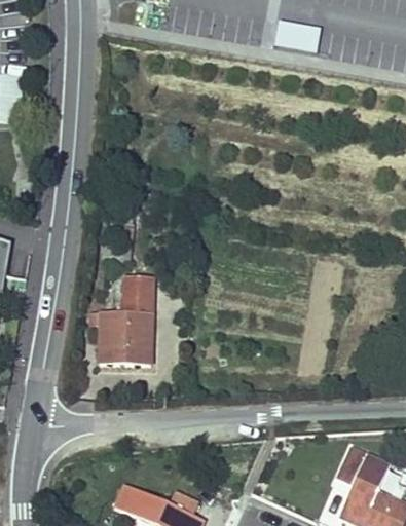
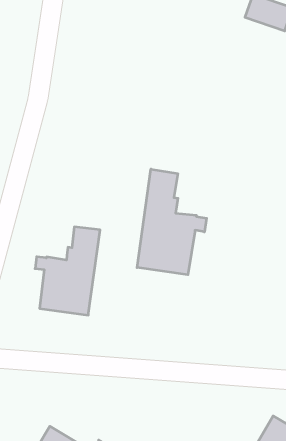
building: none -> [137,169,207,275]

